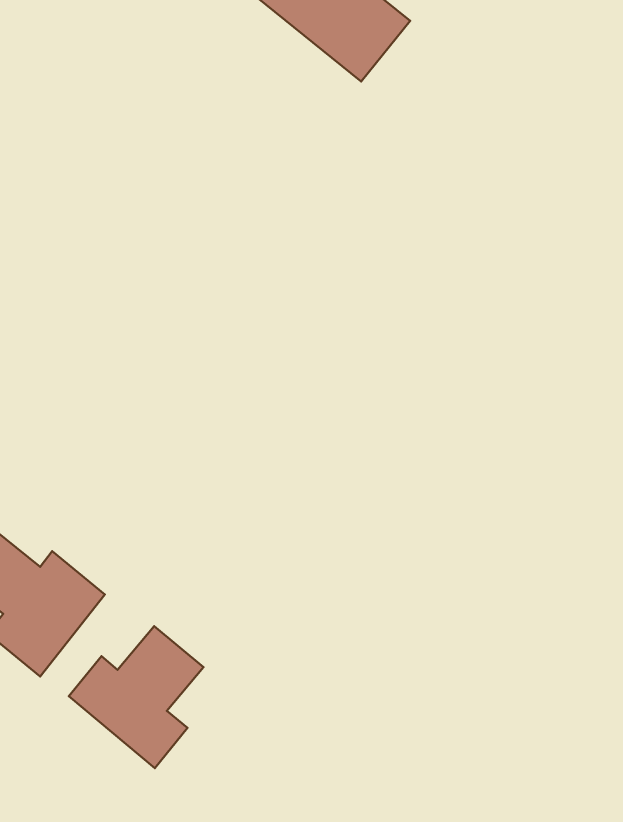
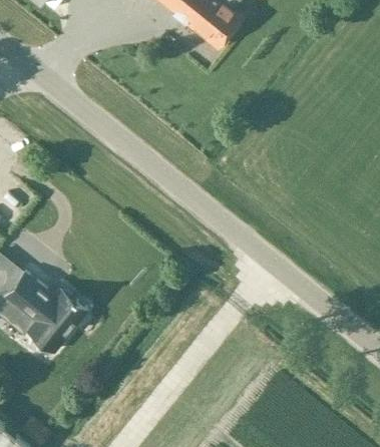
building: [69,626,203,768] -> none

